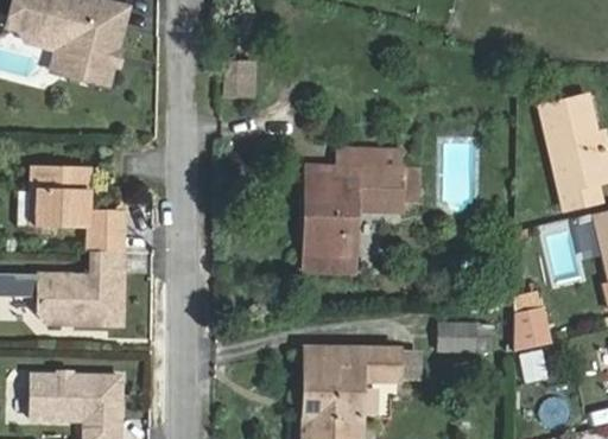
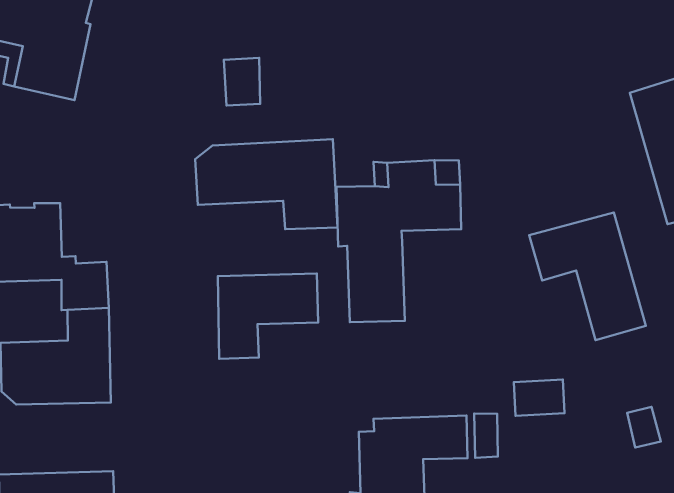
building: none -> [195,139,338,229]
building: none -> [529,212,646,340]
building: none -> [218,273,318,359]
building: [514,307,550,352] -> none

